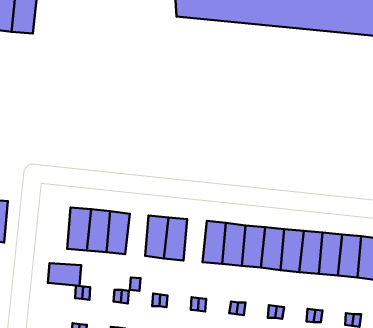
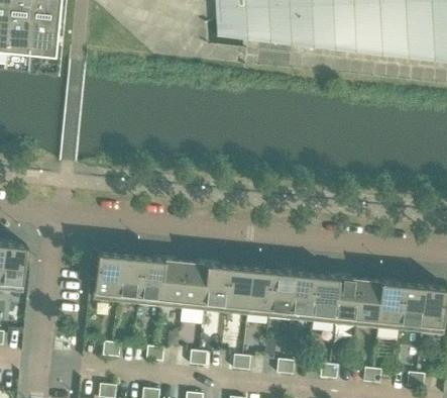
building: none -> [158,260,185,307]
building: none -> [224,266,250,314]
building: [48,263,81,286] -> none

